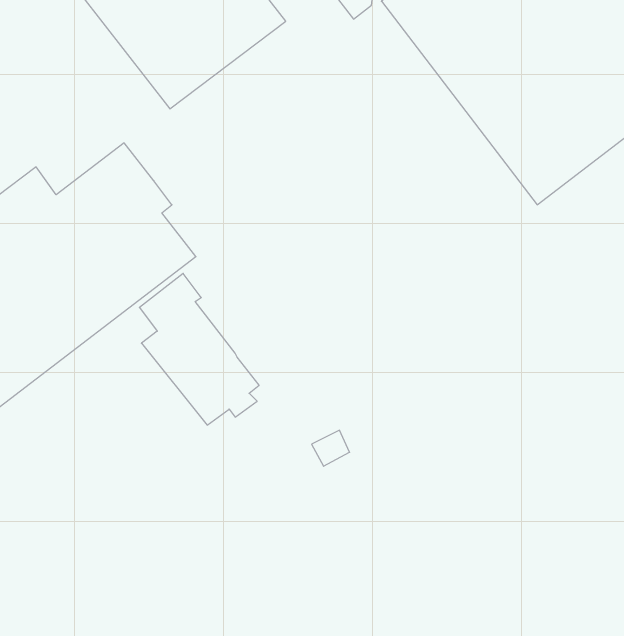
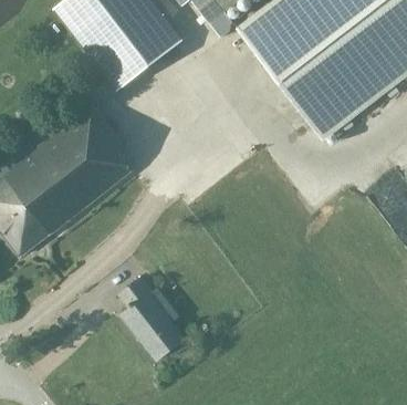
building: [139,273,259,425] -> [119,274,186,359]

